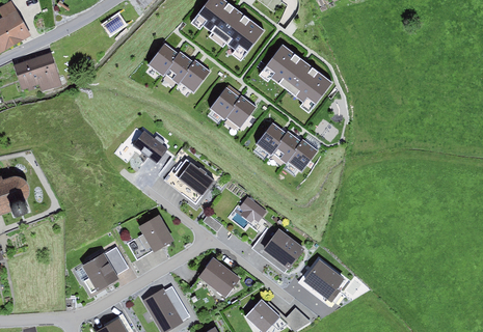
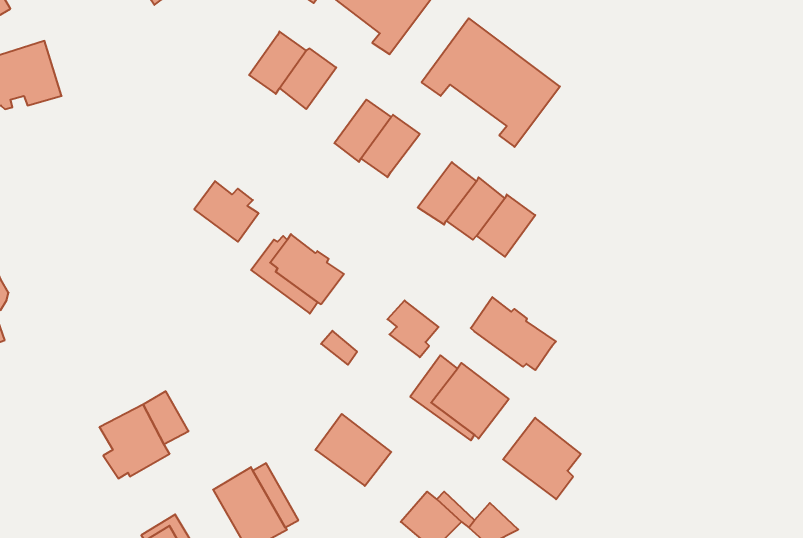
building: [146,39,178,74] -> none
building: none -> [471,297,556,370]
building: [138,216,173,253] -> none

